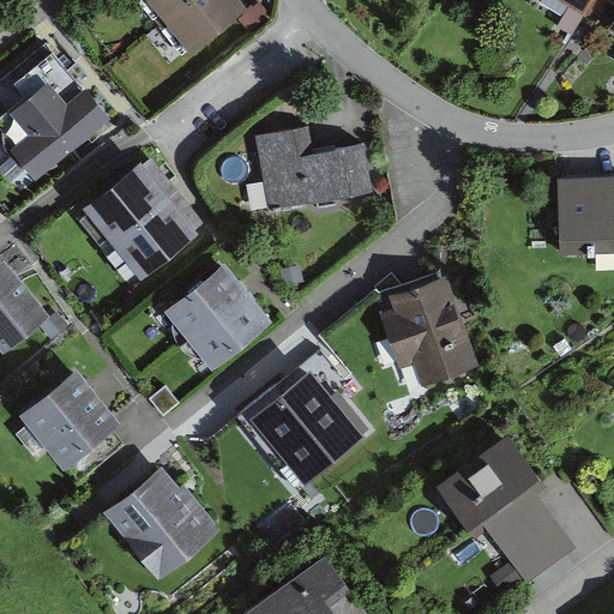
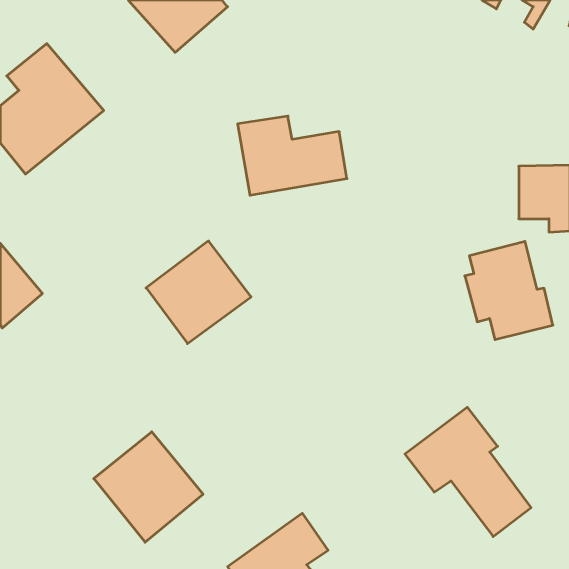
building: [82,163,194,277] -> none
building: [385,277,480,383] -> [465,241,553,340]
building: [17,368,119,469] -> none
building: [251,374,366,486] -> none

